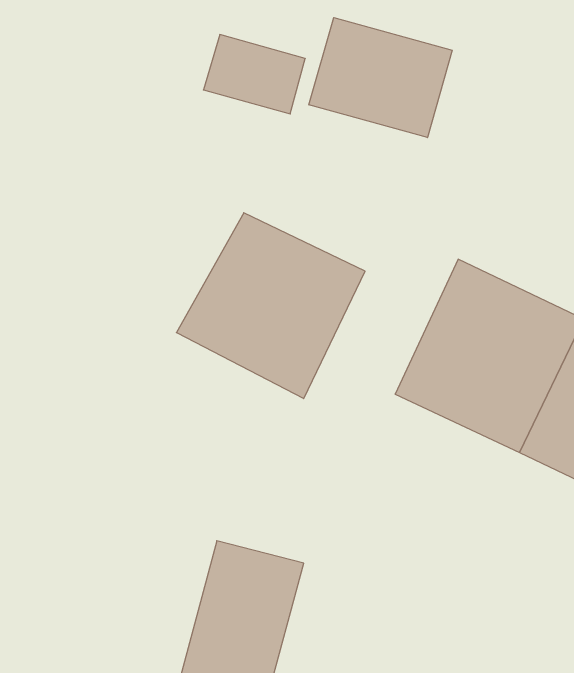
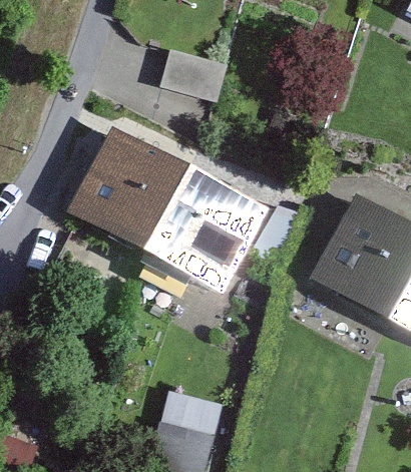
building: [309,18,452,138] -> none
building: none -> [68,126,188,243]

